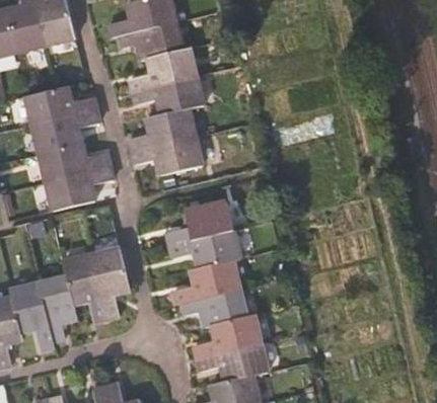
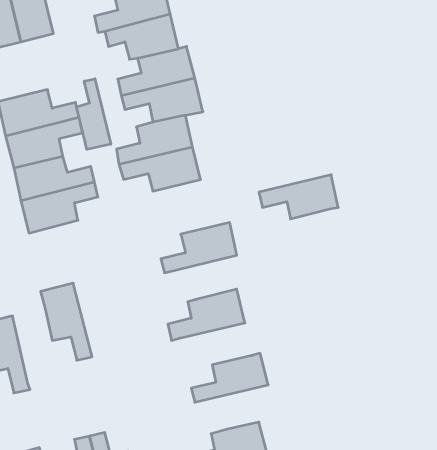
building: none -> [77,79,111,149]
building: [170,230,239,268] -> [259,175,338,219]
building: [91,248,130,318] -> none
building: [39,276,76,341] -> none
building: [184,289,246,327] -> none
building: [197,342,268,381] -> none

